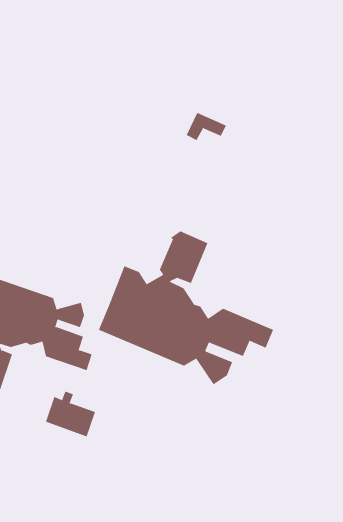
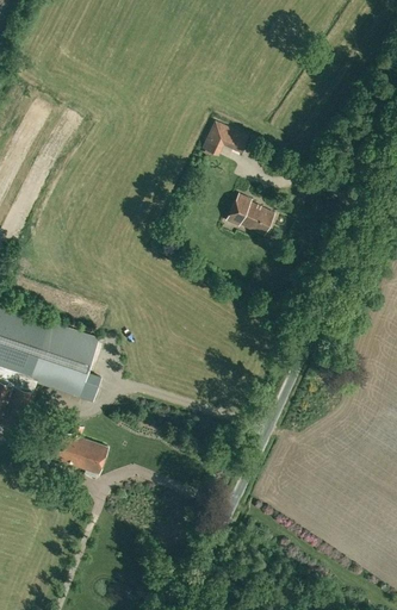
building: none -> [225,194,273,235]
building: [98,231,274,385] -> none

